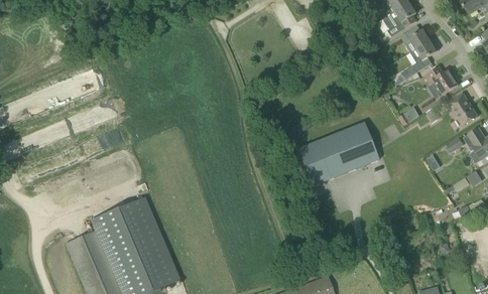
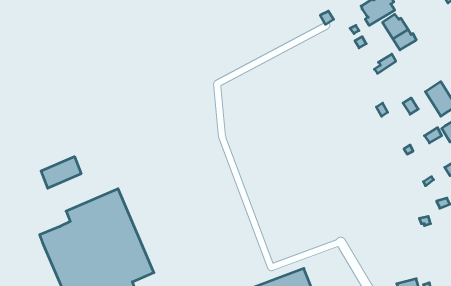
building: [423,66,458,95] -> none
building: [295,122,378,186] -> none
building: none -> [41,157,81,188]

